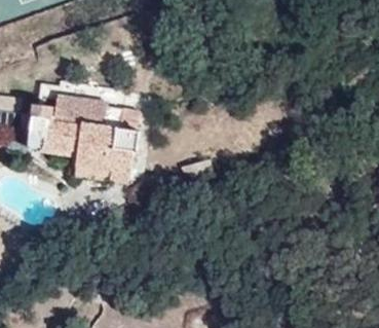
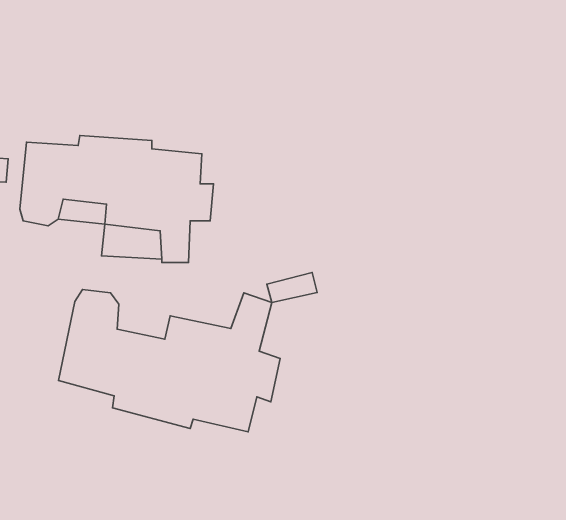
building: none -> [58,289,280,432]

